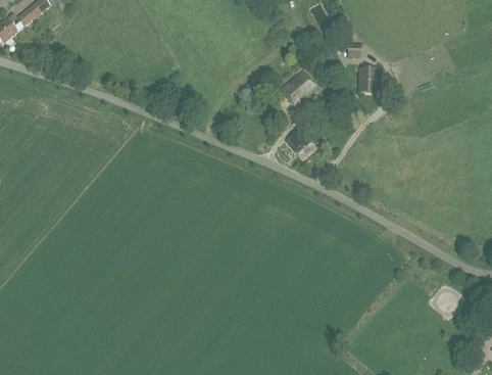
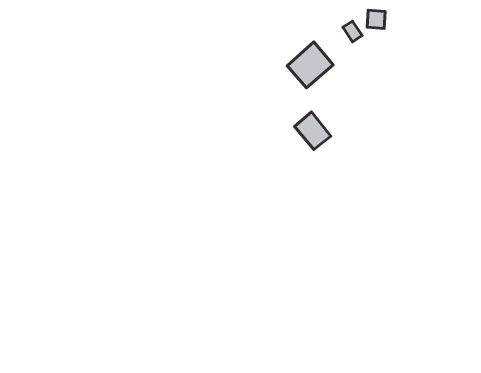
building: [359,68,378,91] -> none

